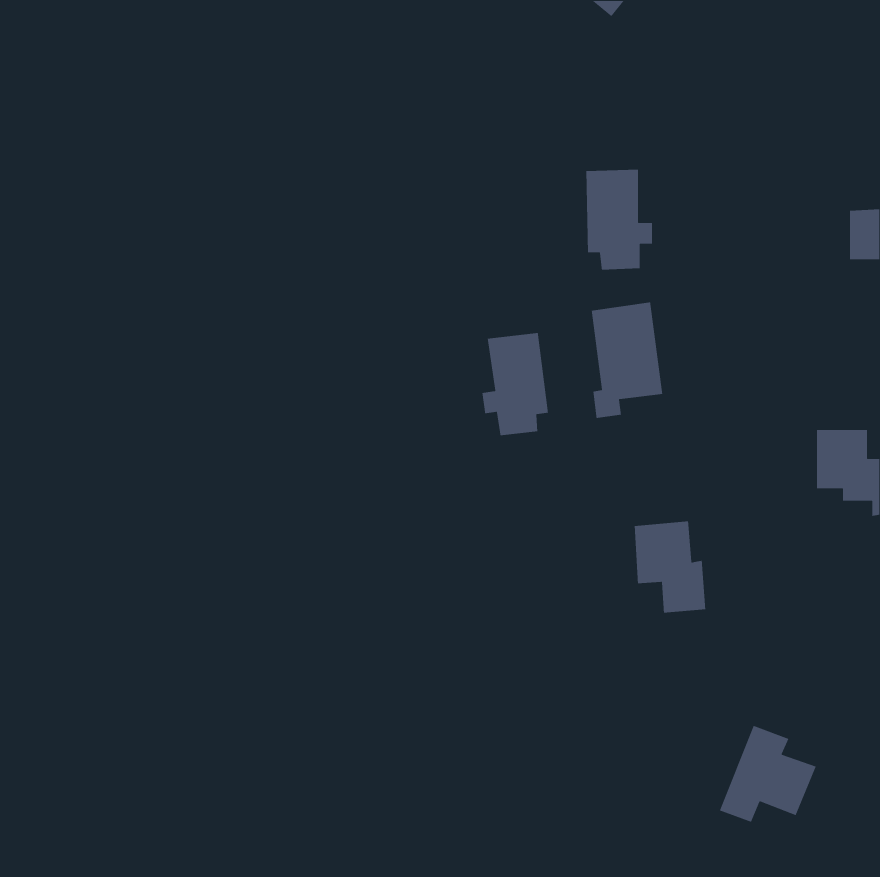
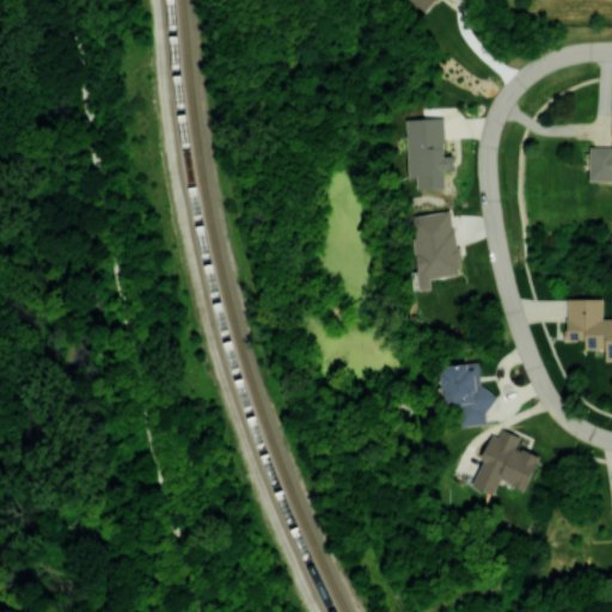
building: [481,332,549,436] -> none
building: [719,725,817,823] -> [471,428,539,496]

